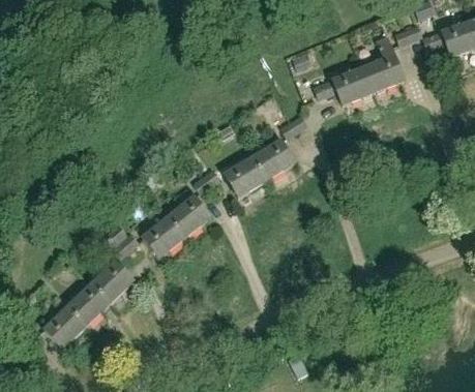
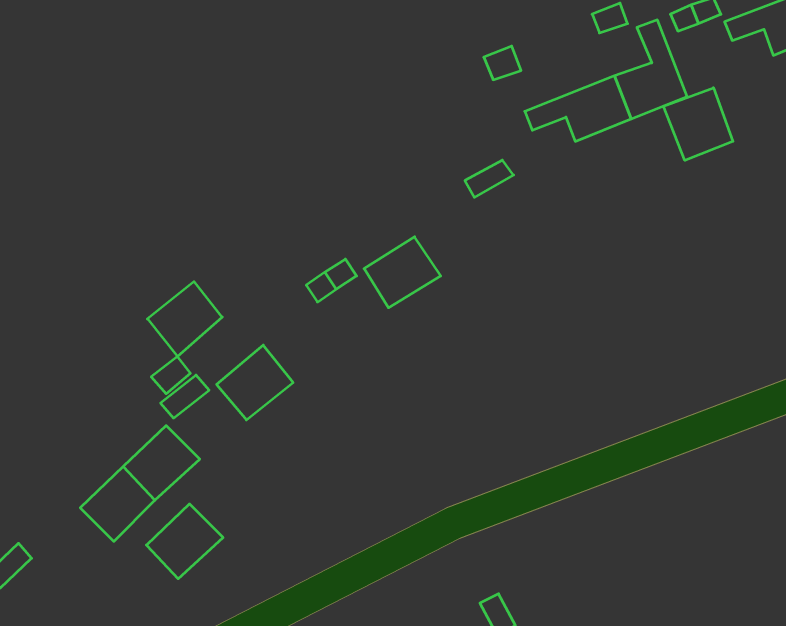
building: none -> [664,88,733,160]
building: [253,139,295,178] -> none
building: [169,195,210,237] -> [147,282,222,356]
building: [43,306,86,348] -> [146,504,223,579]

